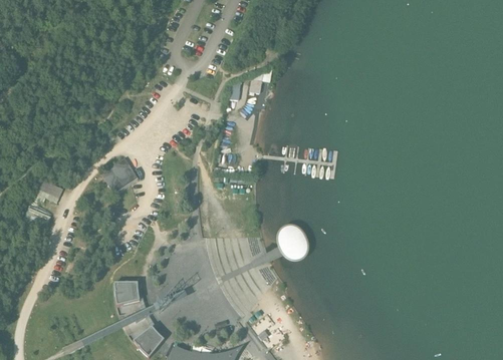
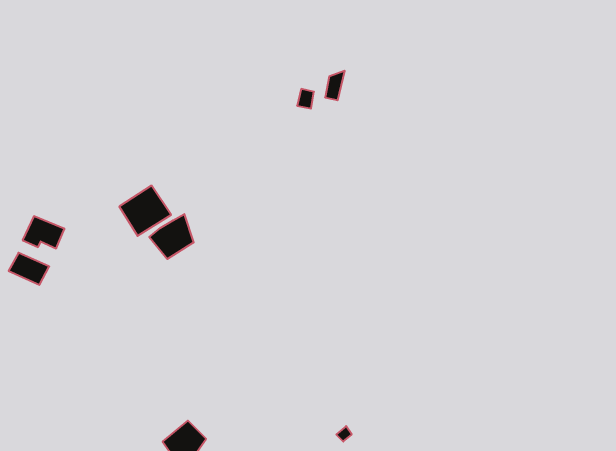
building: none -> [149,214,194,259]
building: [113,281,140,304] -> none

